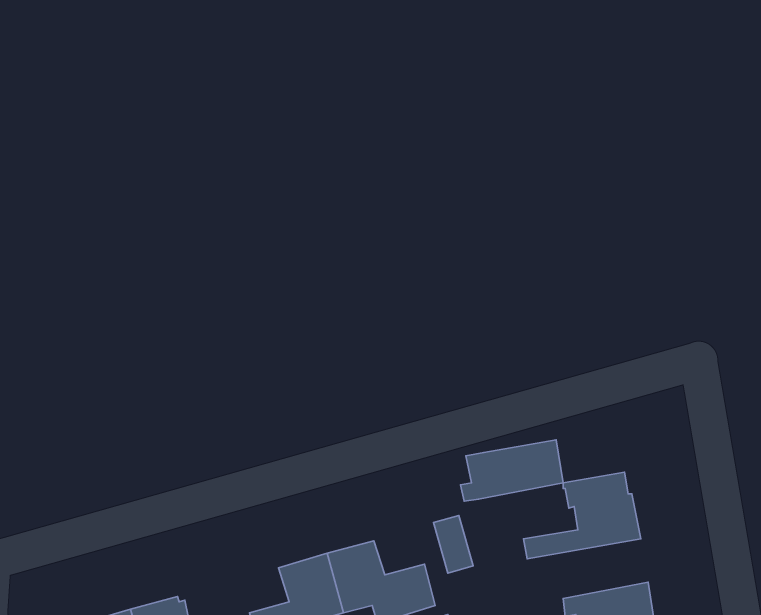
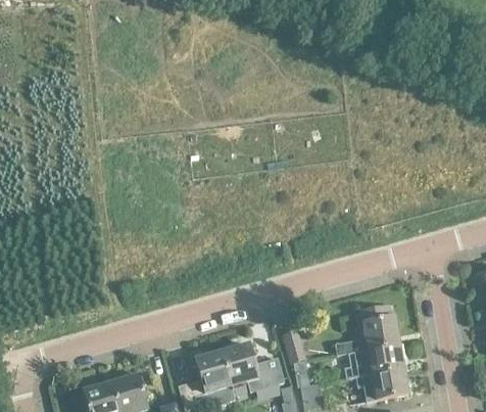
building: [461,440,563,501] -> [345,342,403,377]

